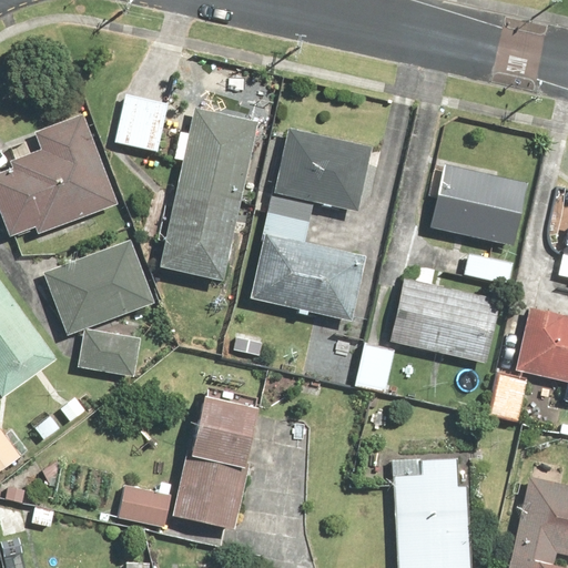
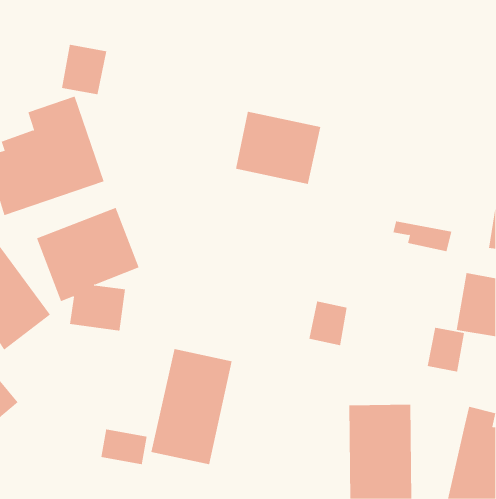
building: [114,91,166,149] -> [61,44,107,95]
building: [163,106,260,280] -> none
building: [433,171,525,245] -> none
building: [246,202,365,323] -> none
building: [388,278,501,363] -> none

